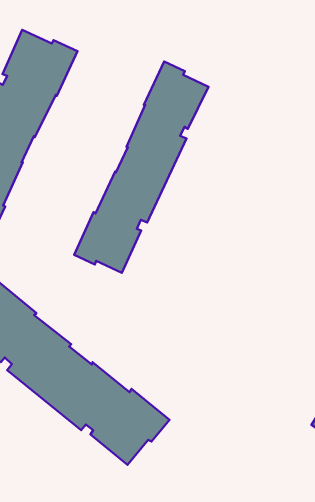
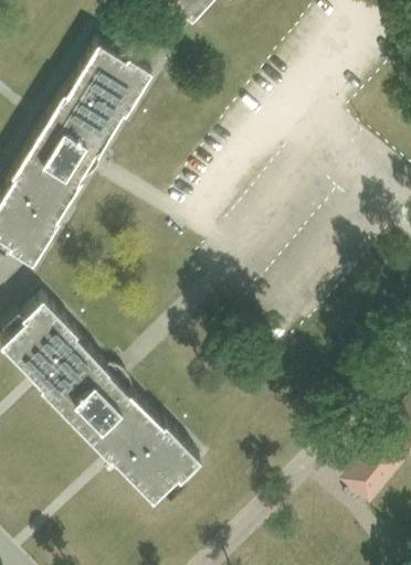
building: [74,62,209,273] -> none

